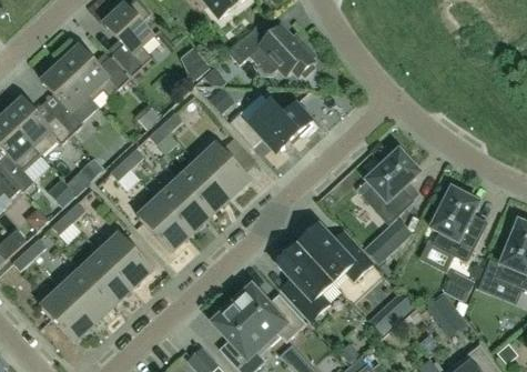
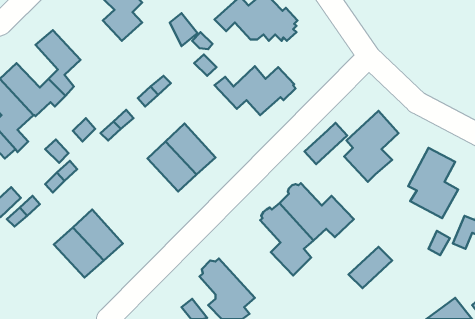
building: [59,42,129,99] -> none
building: [196,143,249,197] -> none
building: [138,198,190,251] -> none
building: [363,214,407,258] -> [305,123,347,164]
building: [100,233,152,286] -> none
building: [232,284,305,343] -> none
building: [40,288,92,341] -> none
building: [426,291,464,332] -> none

